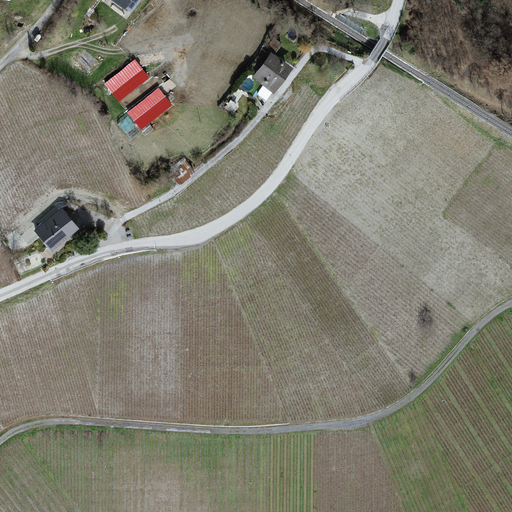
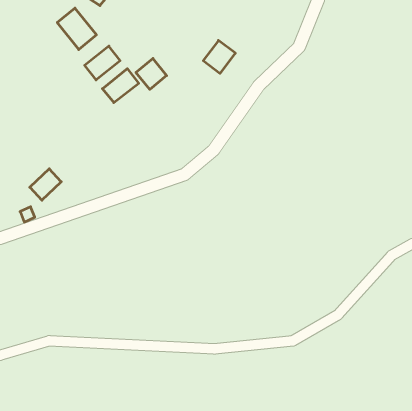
building: none -> [57,8,96,50]
building: none -> [136,58,167,89]

